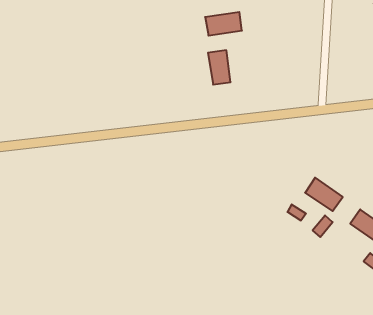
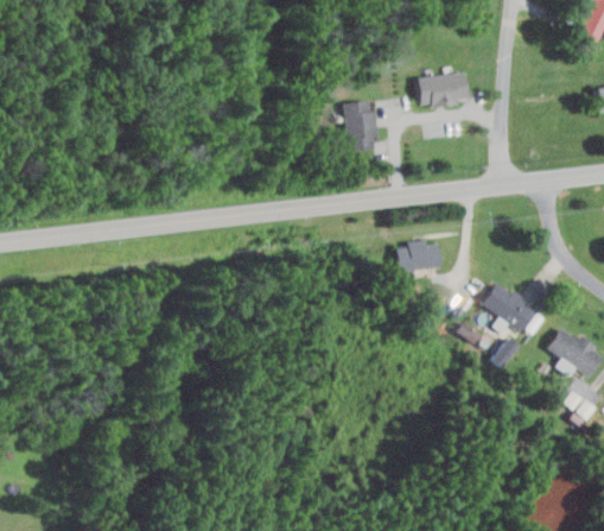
building: [205,12,242,36] -> [418,72,470,106]
building: none -> [395,244,440,271]

